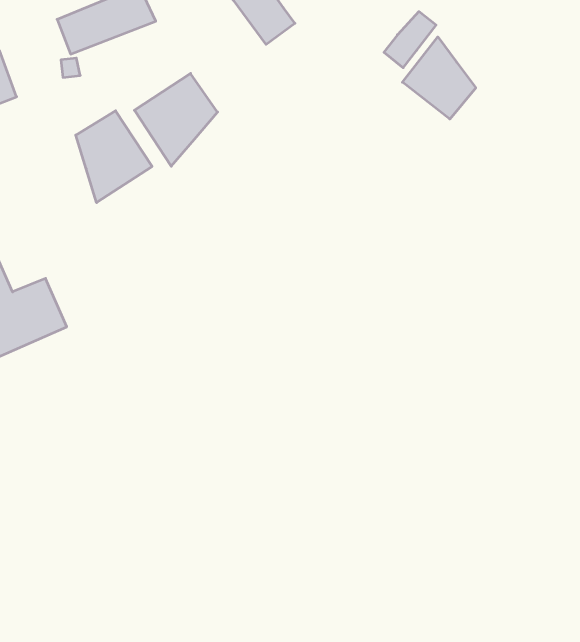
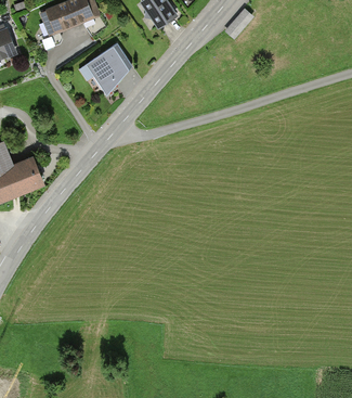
building: [402,37,476,119] -> none
building: [76,111,152,203] -> none

